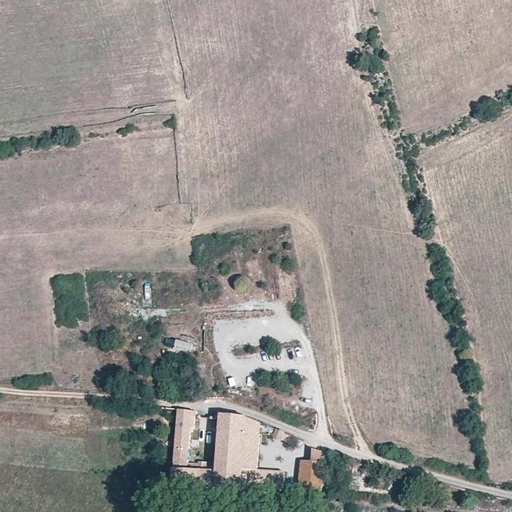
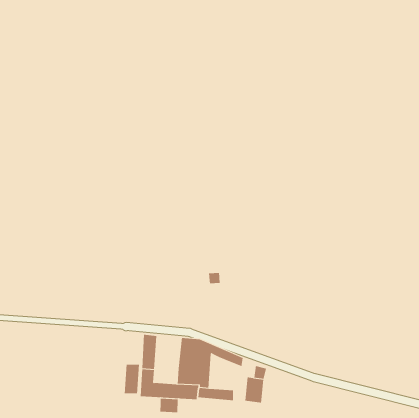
building: none -> [124,364,139,394]
building: none -> [160,398,178,413]

